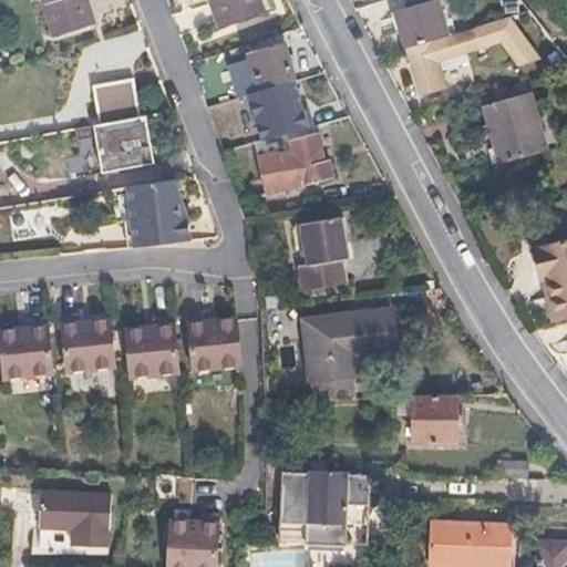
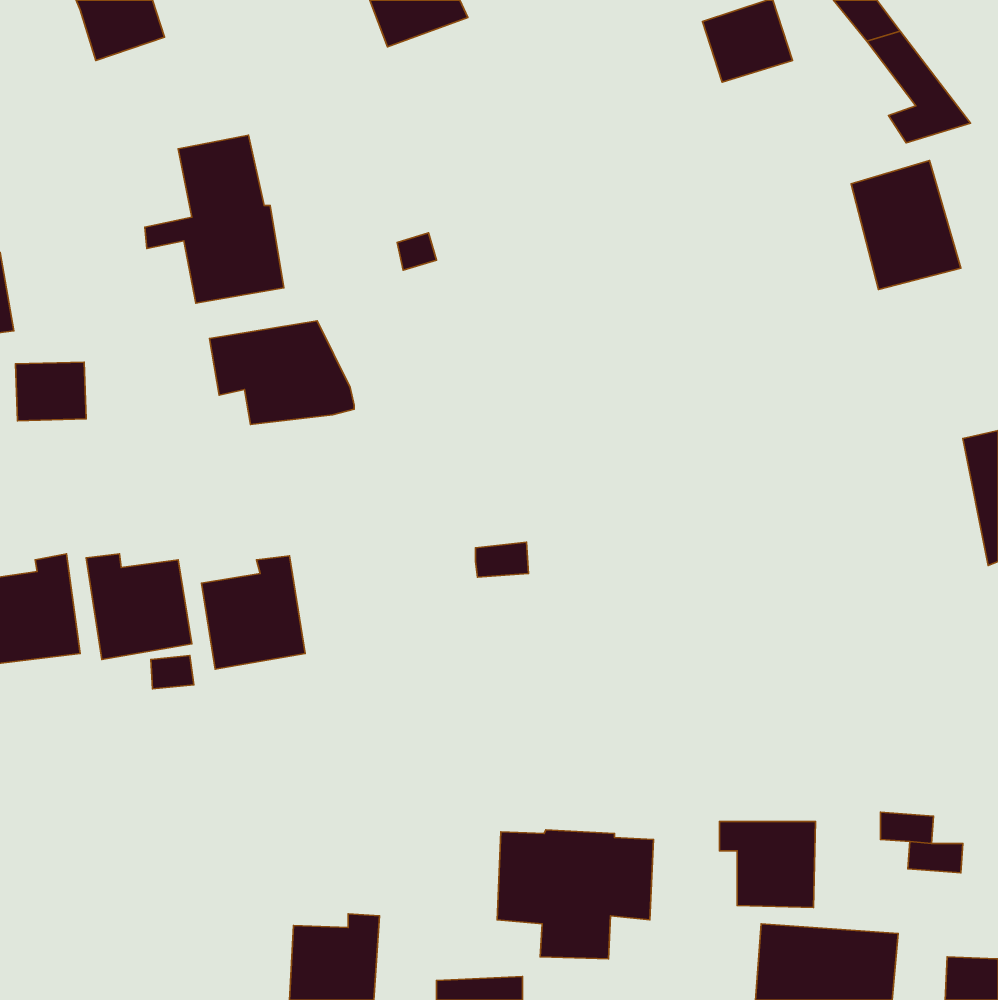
building: [409,29,478,93] -> none
building: [249,45,292,80] -> none
building: [251,80,315,142] -> none
building: [257,135,333,196] -> none
building: [301,219,350,290] -> none
building: [307,313,399,381] -> none
building: [172,316,231,374] -> none
building: [402,396,456,445] -> [720,822,815,908]
building: [43,495,114,548] -> none

